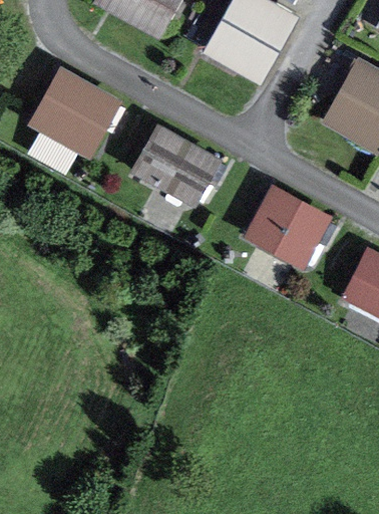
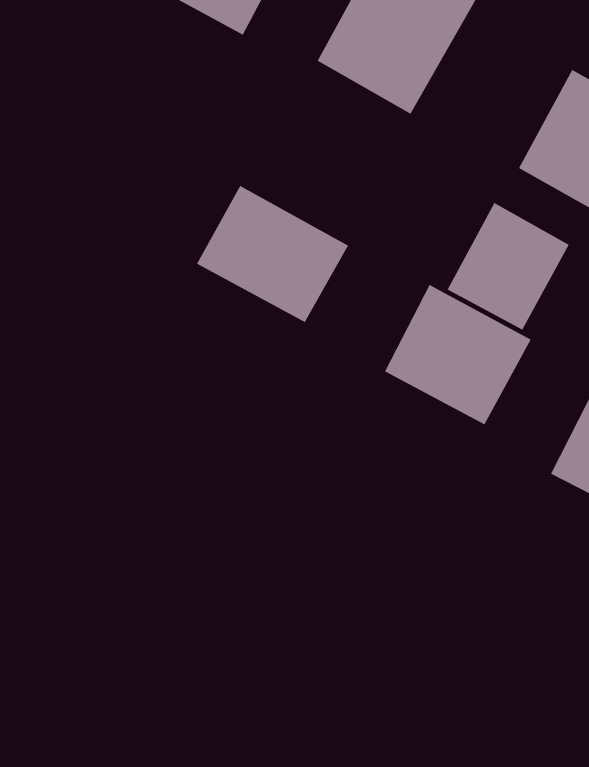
building: [27,66,123,160] -> none
building: none -> [447,202,570,330]

